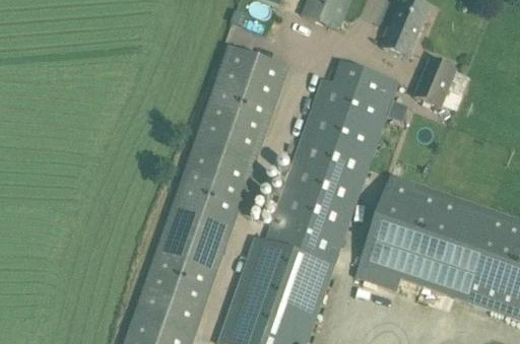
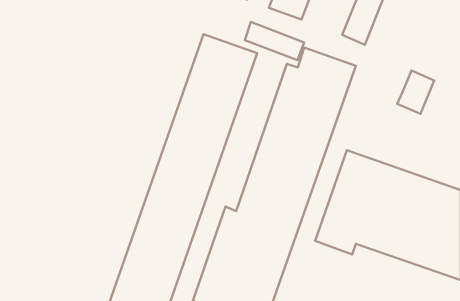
building: none -> [245,22,304,60]
building: [414,56,456,105] -> [397,70,434,114]

